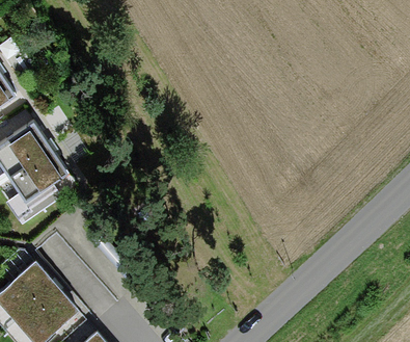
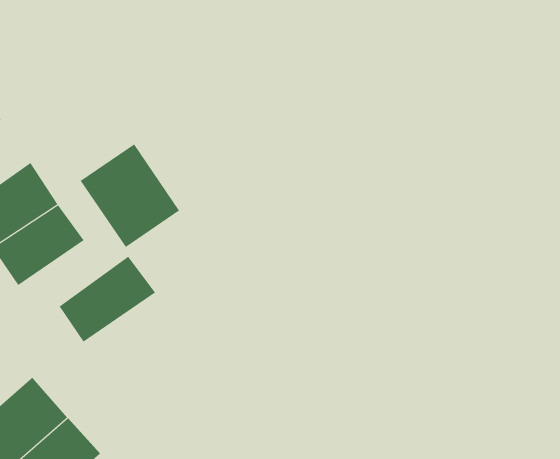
building: none -> [80,144,180,248]
building: none -> [59,256,156,342]

